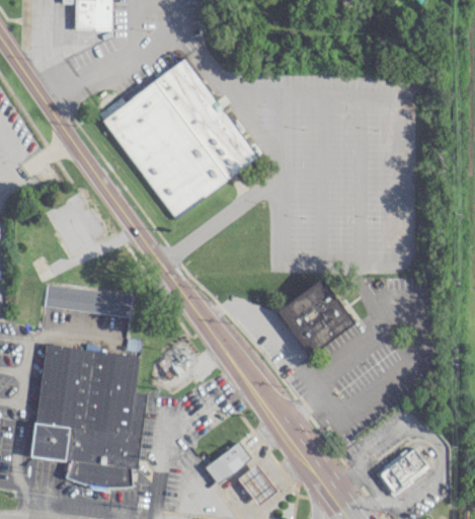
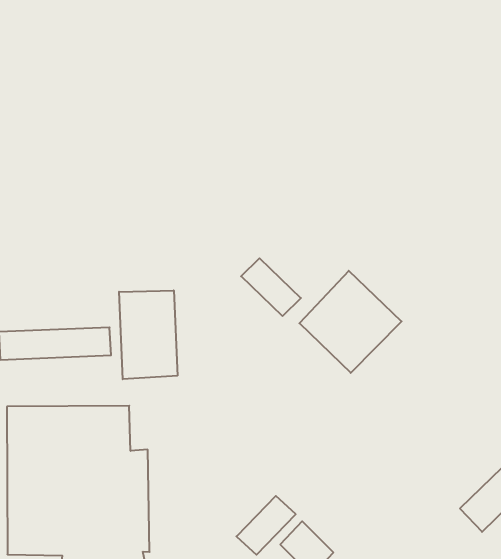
building: [100,57,258,219] -> none
building: none -> [241,258,301,316]
building: none -> [119,290,177,379]

